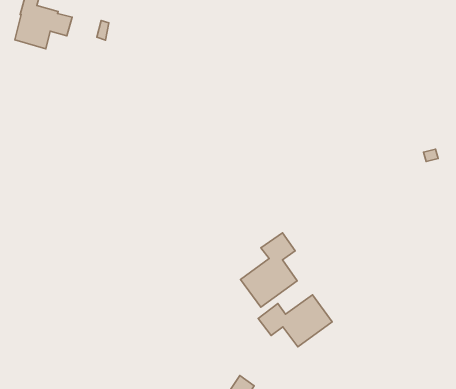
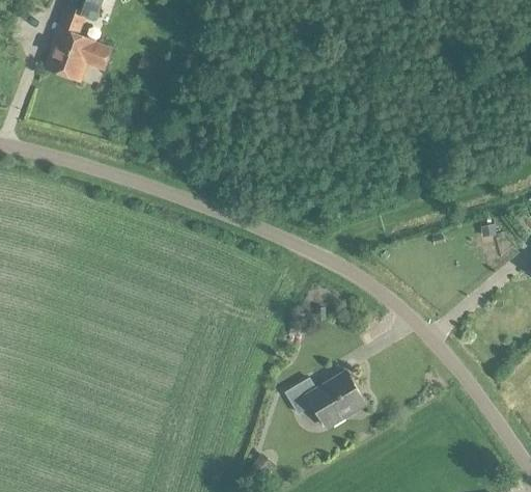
building: [240,233,297,307] -> none

